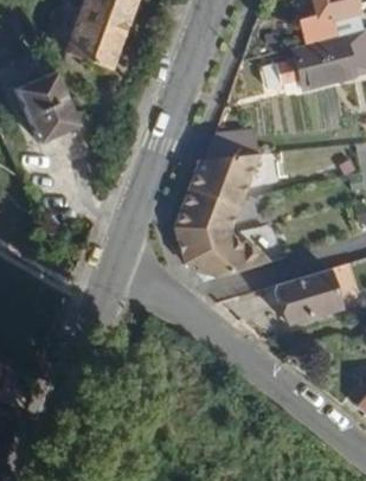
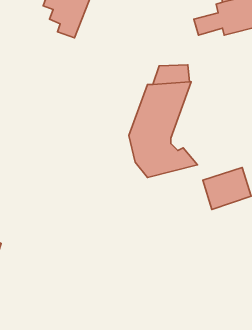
building: [23,68,90,146] -> none

